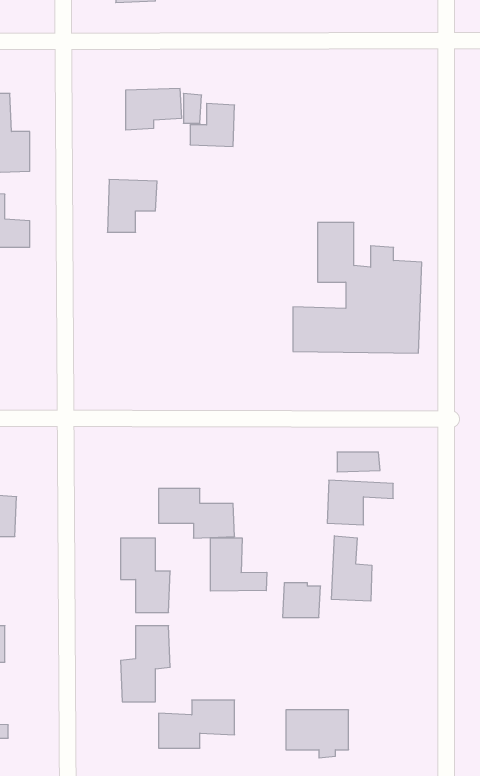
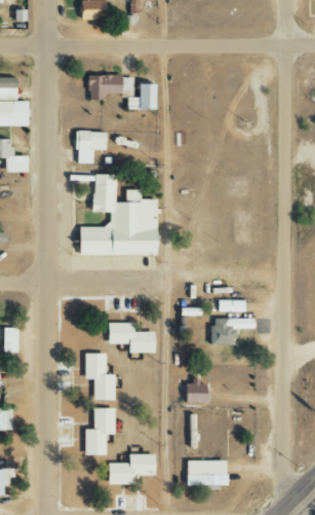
building: [293,223,422,353] -> [78,174,158,255]
building: [331,536,372,601] -> none
building: [210,538,267,591] -> none

